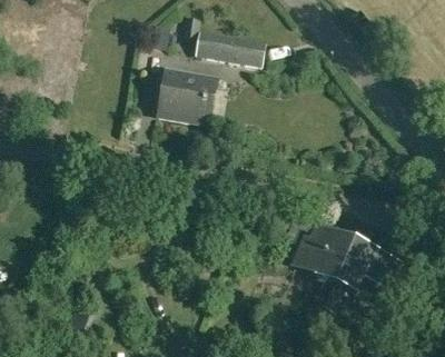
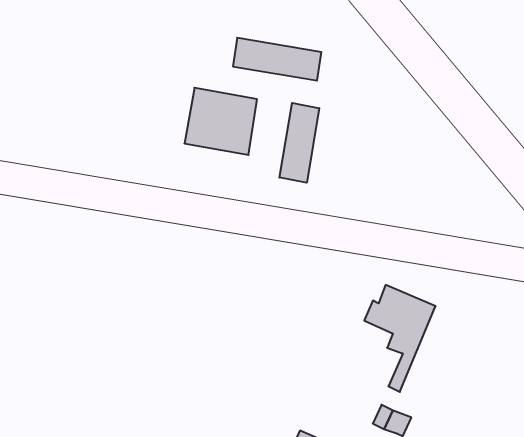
building: none -> [279,103,319,183]
building: [325,240,390,310] -> none

